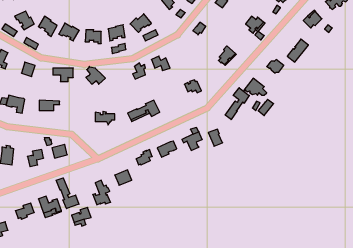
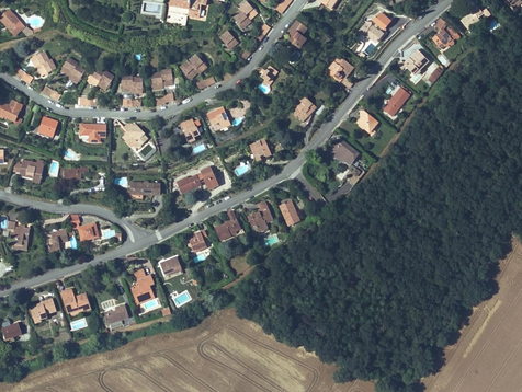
building: [225,88,249,120] -> none
building: [56,178,79,209] -> none

